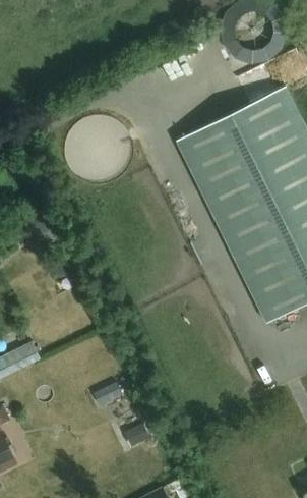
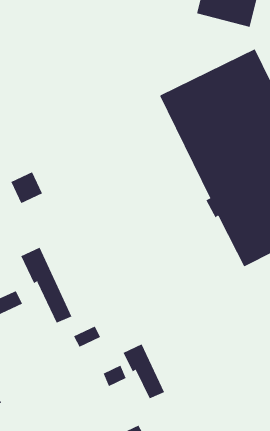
building: none -> [20,247,72,323]
building: none -> [123,343,165,399]

